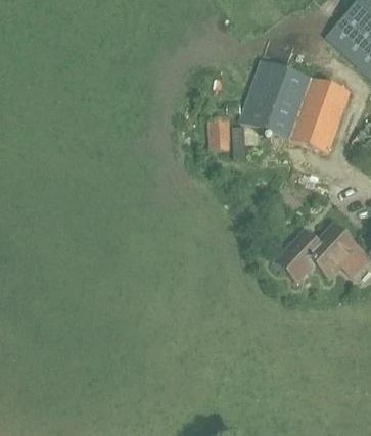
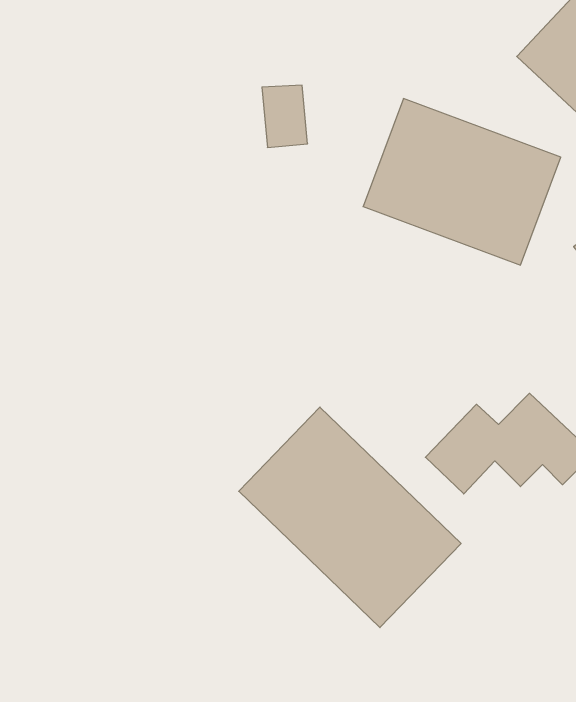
building: [206,115,232,150] -> [262,85,308,147]
building: none -> [239,407,461,628]

